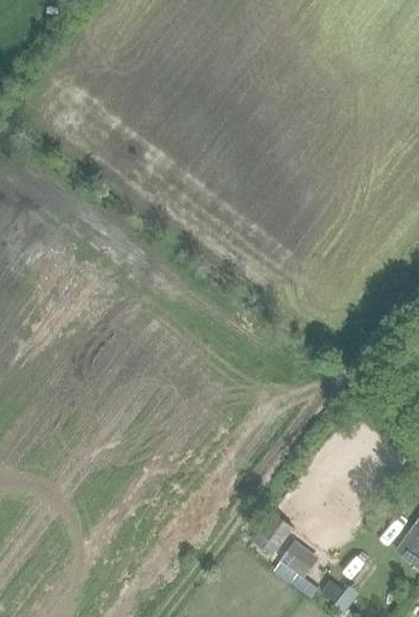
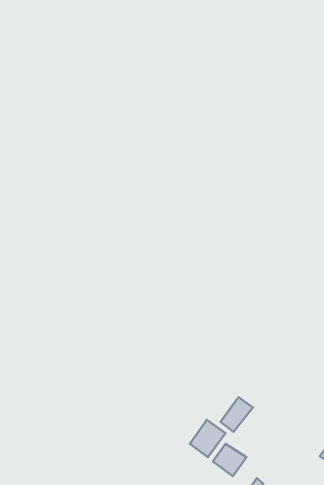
building: none -> [220,397,253,432]

